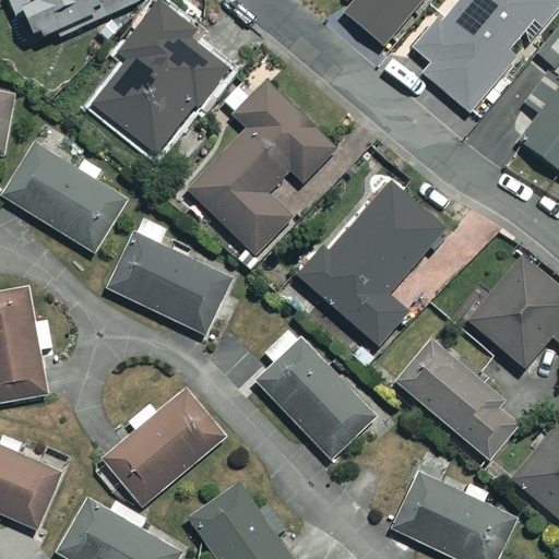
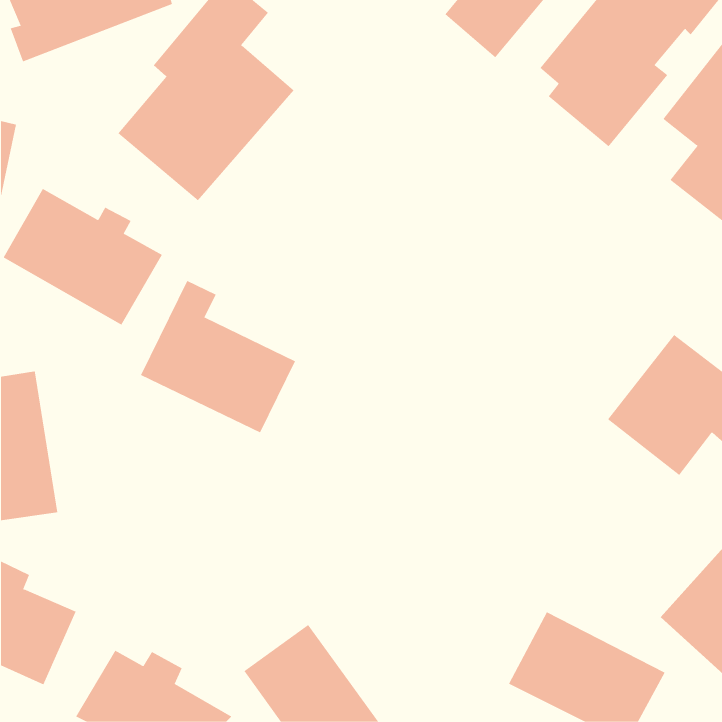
building: [190,69,334,253] -> none
building: [298,181,444,345] -> none
building: [257,328,377,459] -> none
building: [399,344,522,457] -> none
building: [104,391,225,504] -> none

